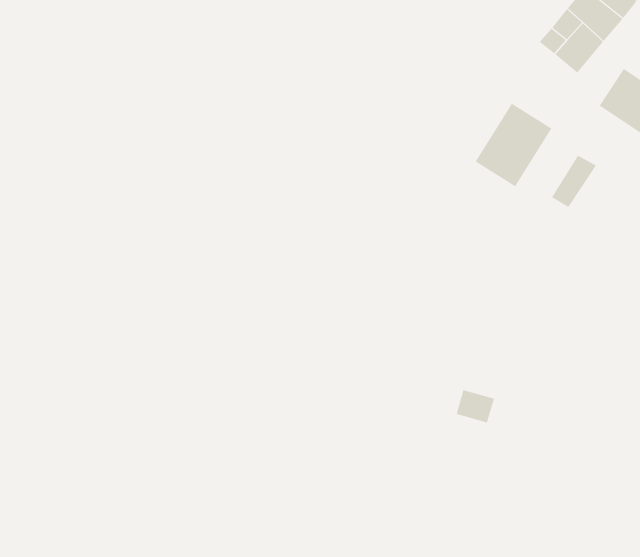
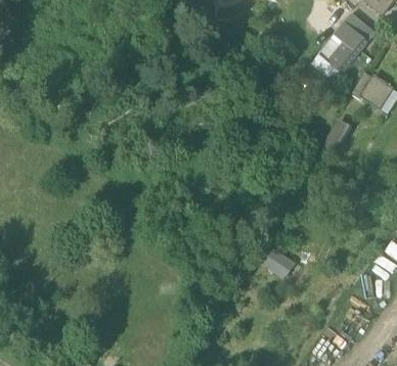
building: [475,103,552,187] -> none

